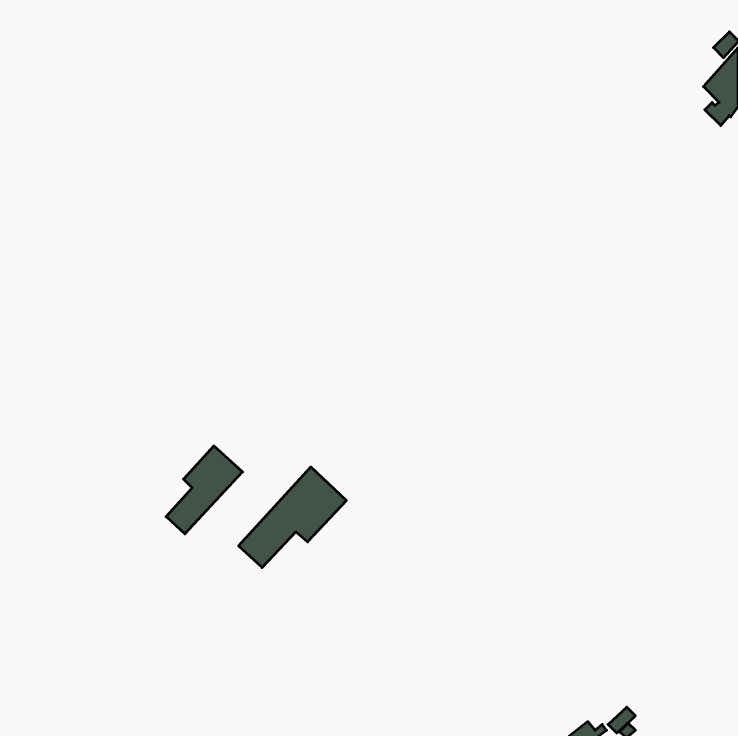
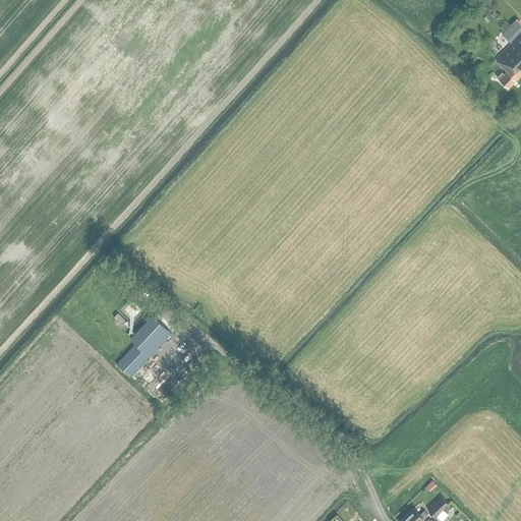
building: [239,467,346,568] -> none

